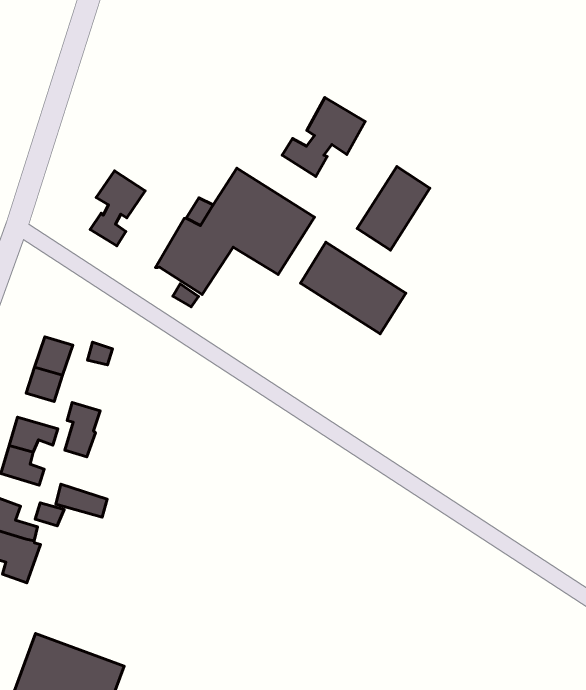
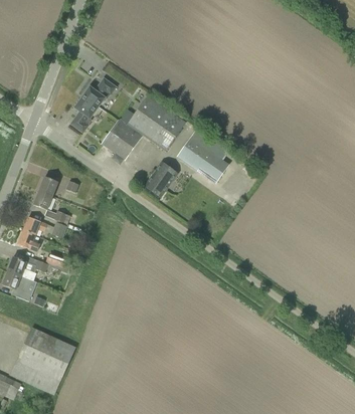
building: [282,98,365,176] -> none
building: none -> [84,76,117,105]
building: [357,166,430,250] -> none
building: none -> [144,162,178,197]

